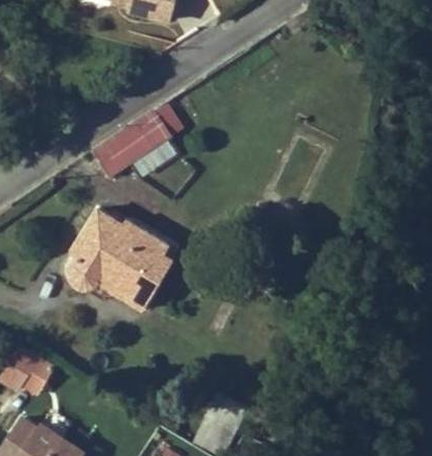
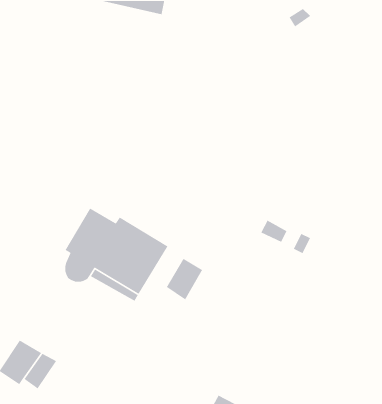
building: [92,111,170,177] -> none
building: none -> [166,258,203,300]

